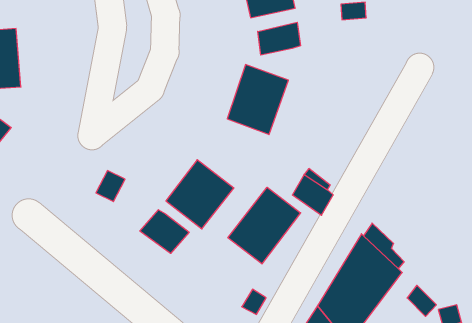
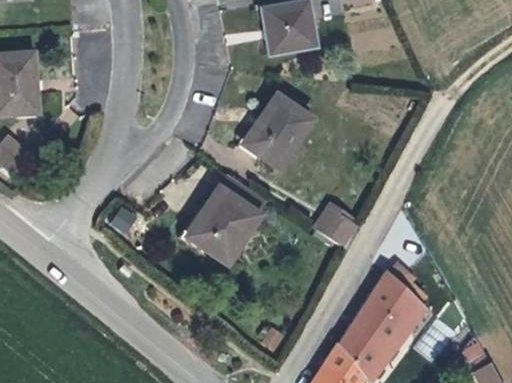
building: [258,22,300,55] -> none
building: [228,187,301,264] -> none
building: [140,210,189,253] -> none

